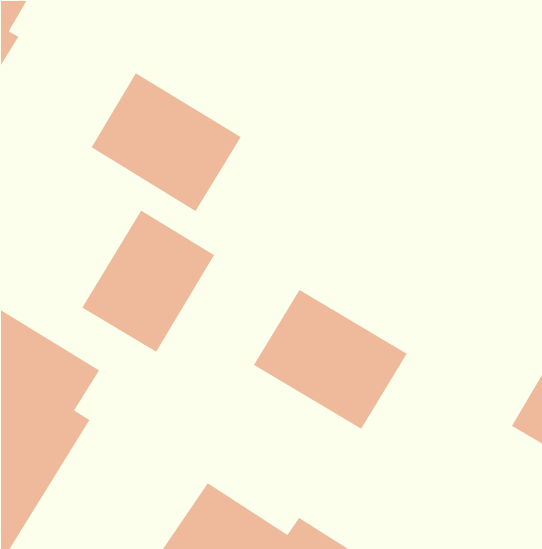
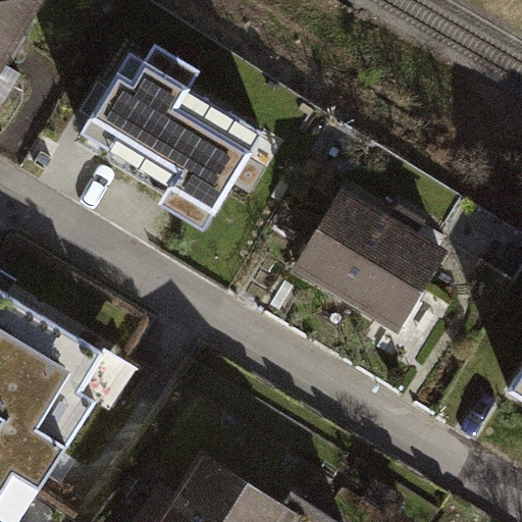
building: [81,209,215,353] -> none
building: [253,289,408,430] -> [296,193,442,326]

